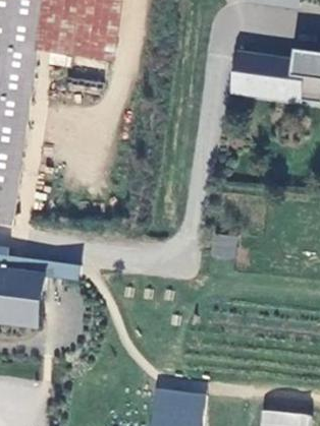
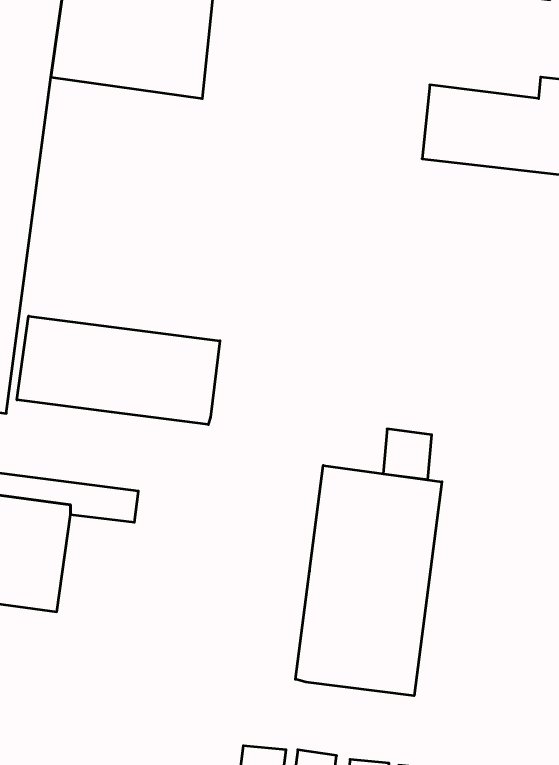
building: none -> [17,316,220,425]
building: none -> [295,465,442,696]

